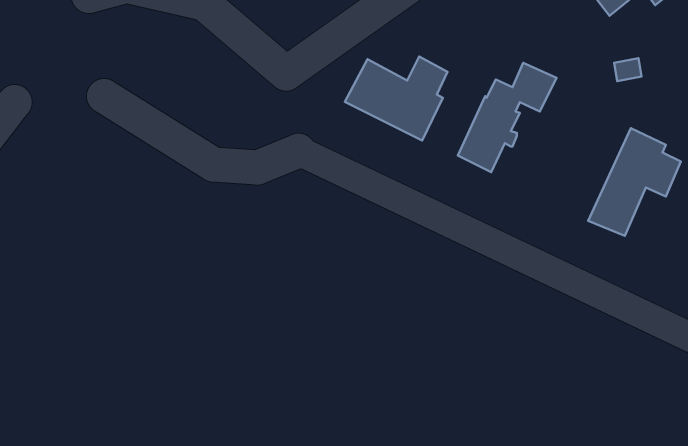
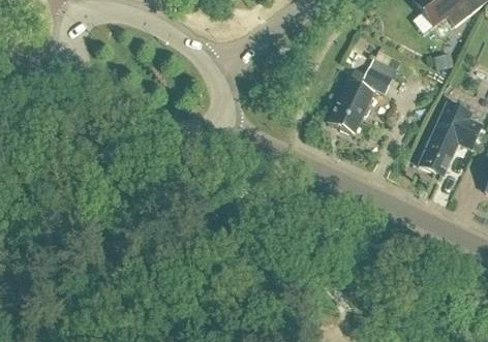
building: [345,57,448,140] -> none

